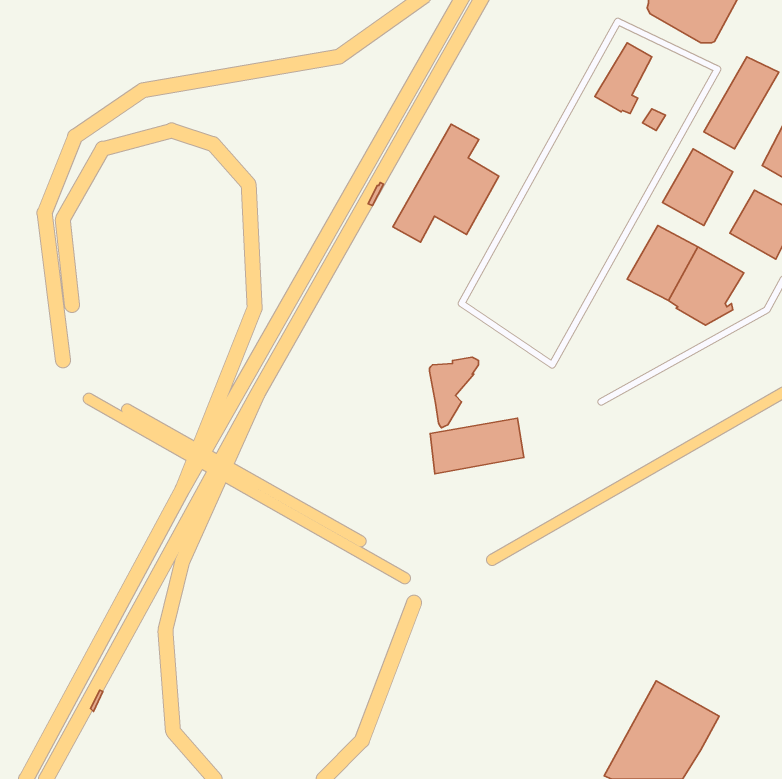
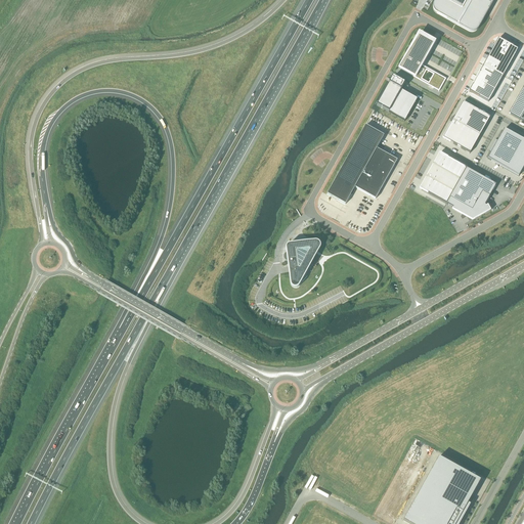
building: none -> [378,75,418,119]
building: [393,124,499,242] -> [328,123,398,202]
building: [430,418,524,474] -> none

